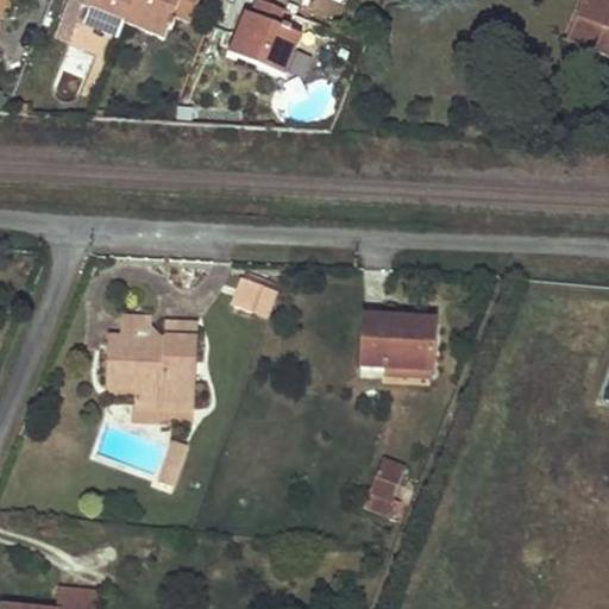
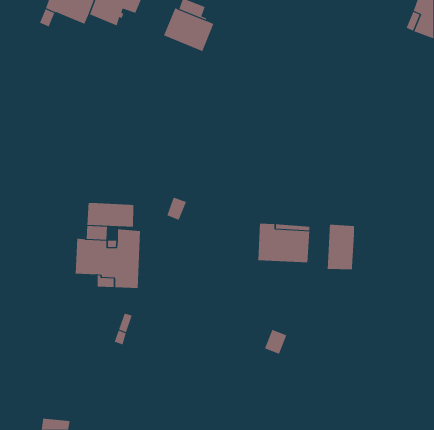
building: none -> [87,202,134,228]
building: none -> [327,224,355,270]

